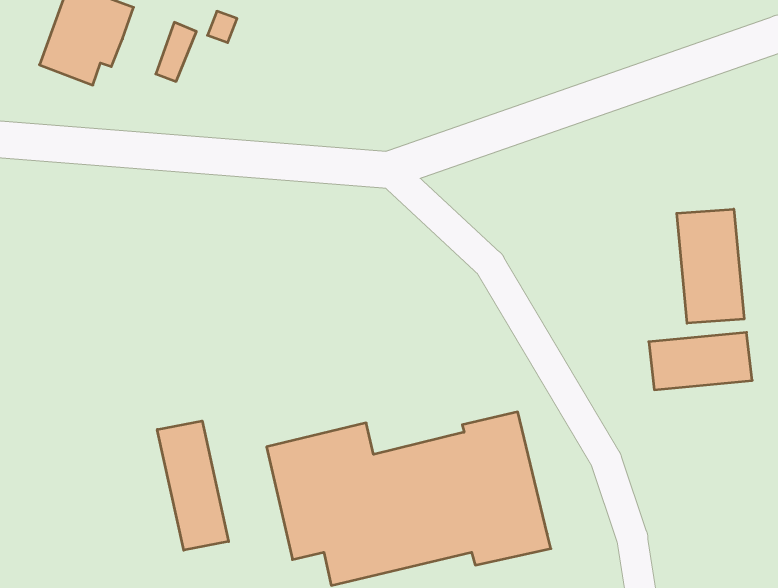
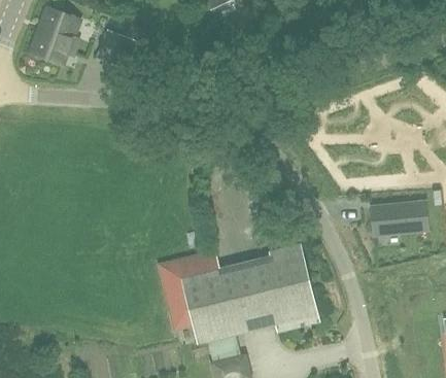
building: [677,209,744,323] -> none
building: [157,421,229,550] -> none

